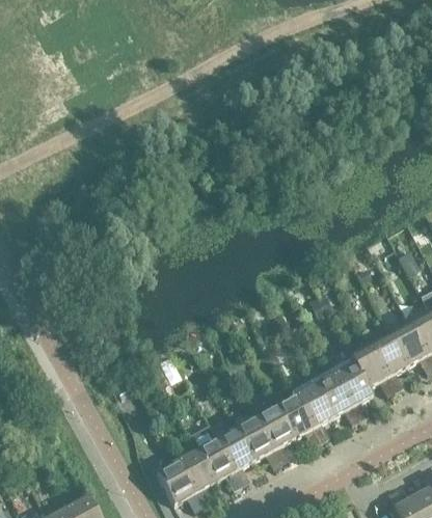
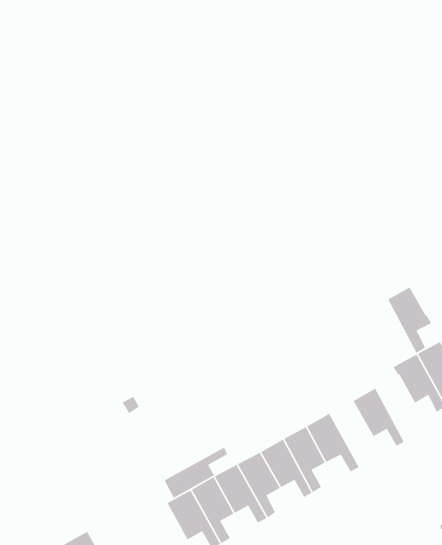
building: [334,362,373,419] -> [387,287,432,354]
building: [295,384,332,441] -> none
building: none -> [164,446,228,499]

